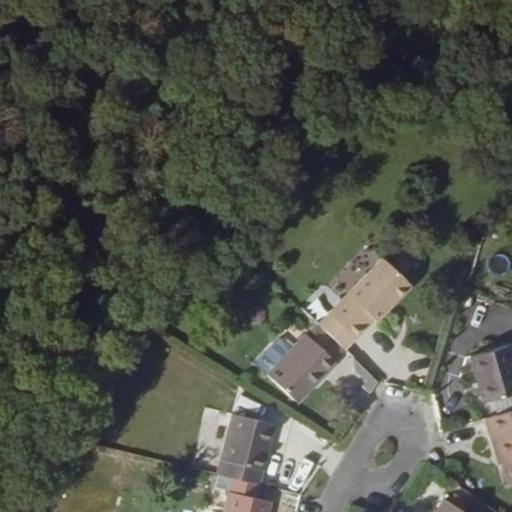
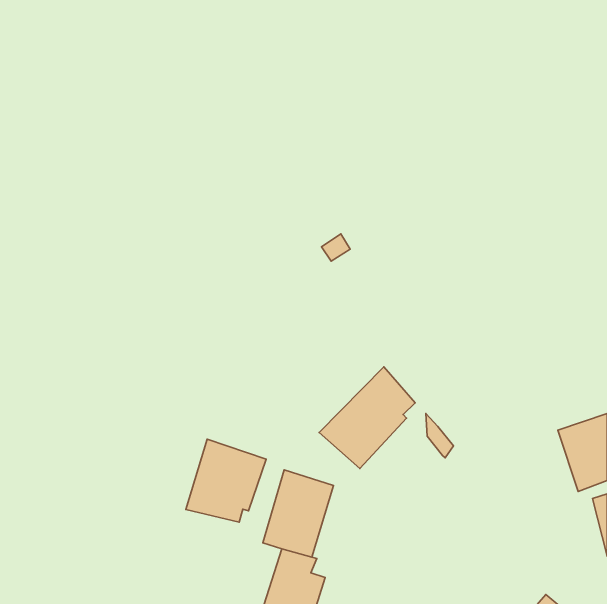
building: [336,256,420,334] -> none
building: none -> [186,439,266,522]

